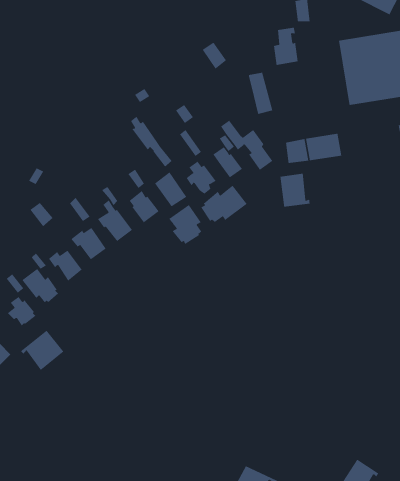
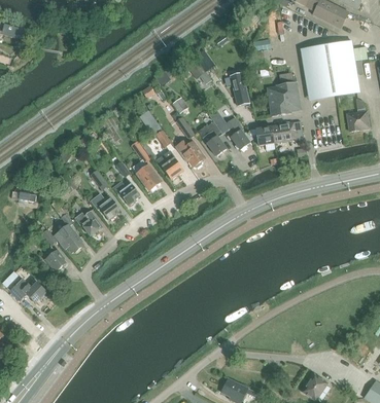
building: none -> [267,78,301,116]
building: [280,173,310,208] -> none
building: [200,185,248,223] -> none
building: [169,204,202,245] -> none
building: [20,330,64,371] -> none

